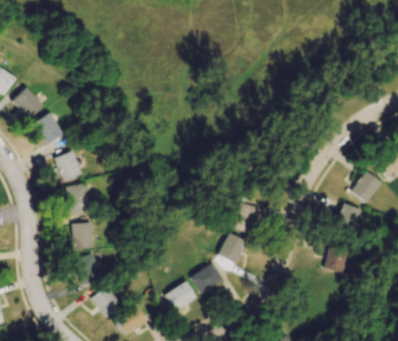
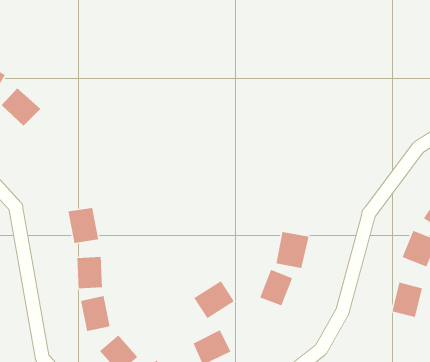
building: [32,112,63,145] -> none
building: [55,151,81,181] -> none
building: [190,262,224,293] -> [193,280,235,319]

